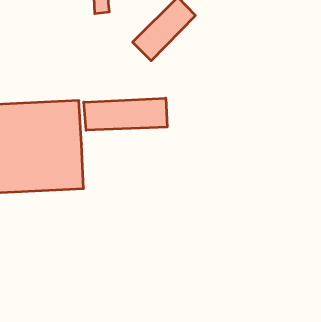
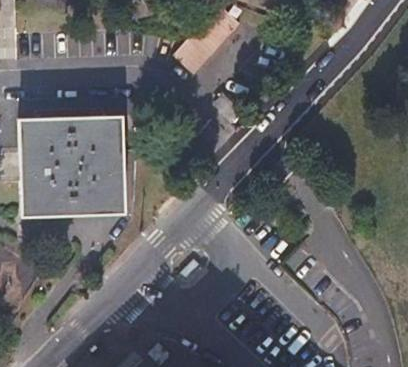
building: [84,98,167,130] -> none

